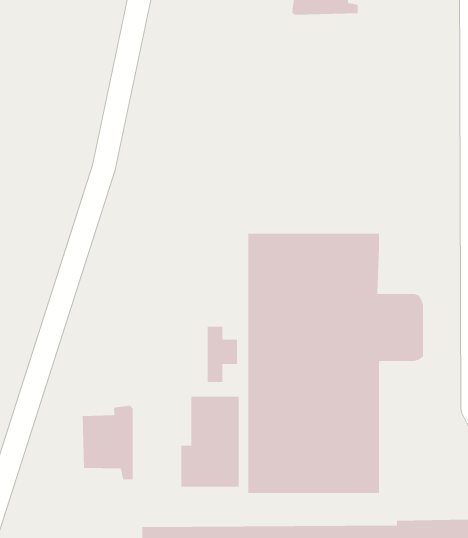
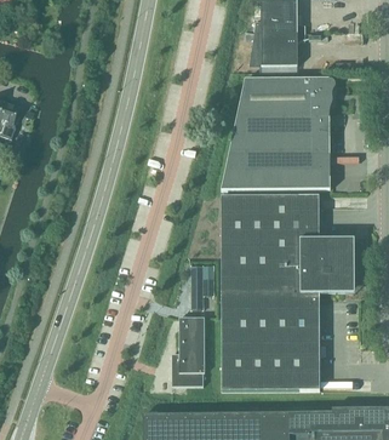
building: none -> [248,32,304,65]
building: none -> [222,78,336,189]
building: [82,405,134,480] -> none

